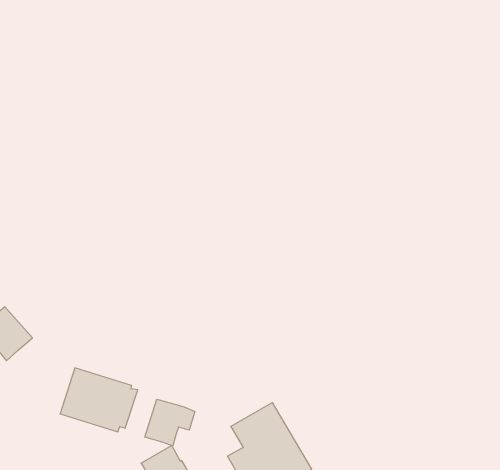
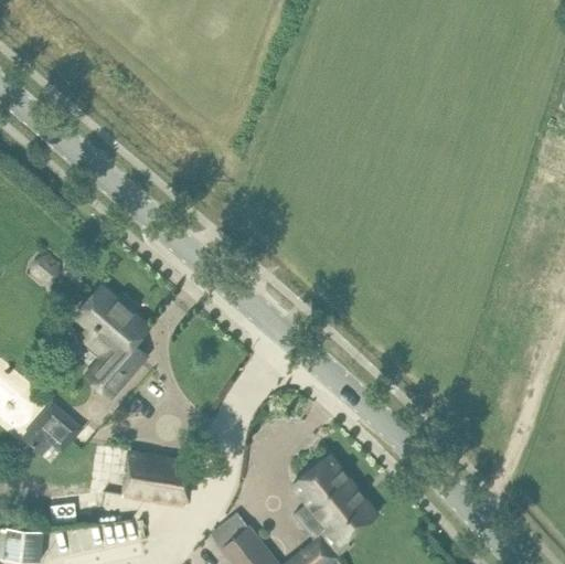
building: none -> [76,287,147,390]
building: [145,399,195,446] -> none

